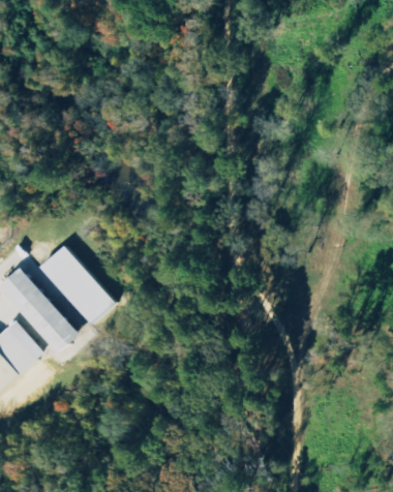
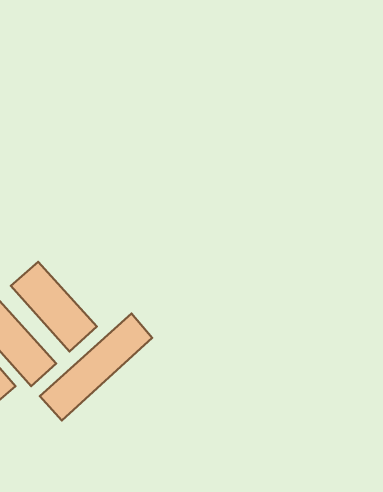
building: none -> [40,314,152,420]

